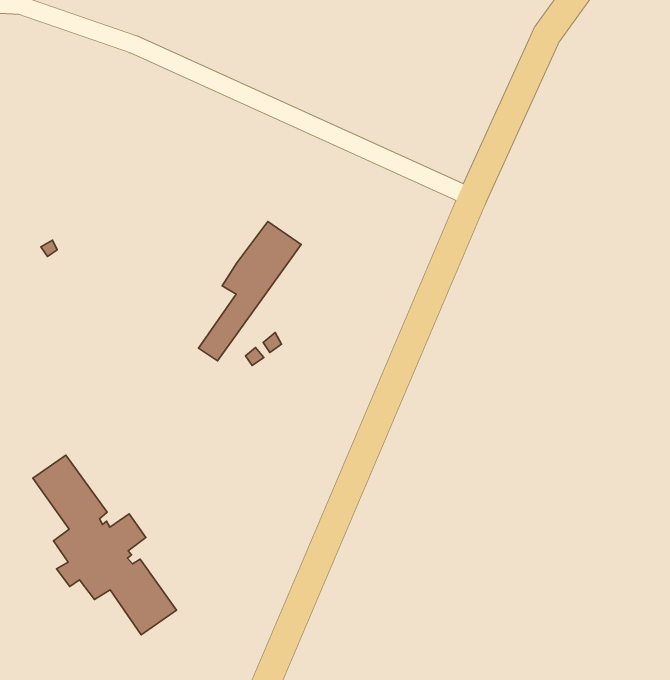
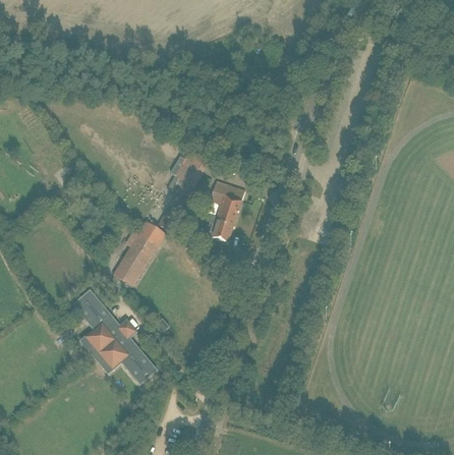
building: none -> [209,180,244,243]
building: none -> [111,222,165,293]

